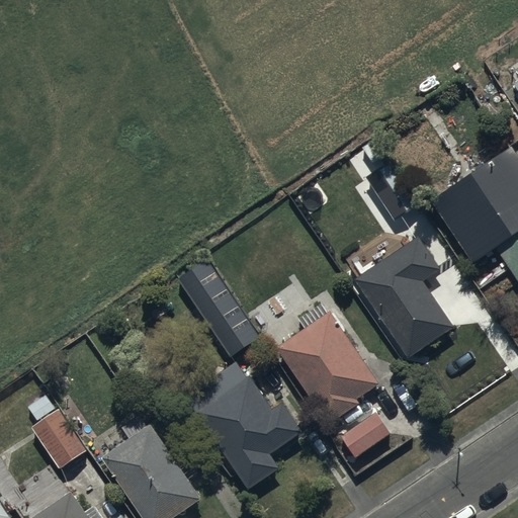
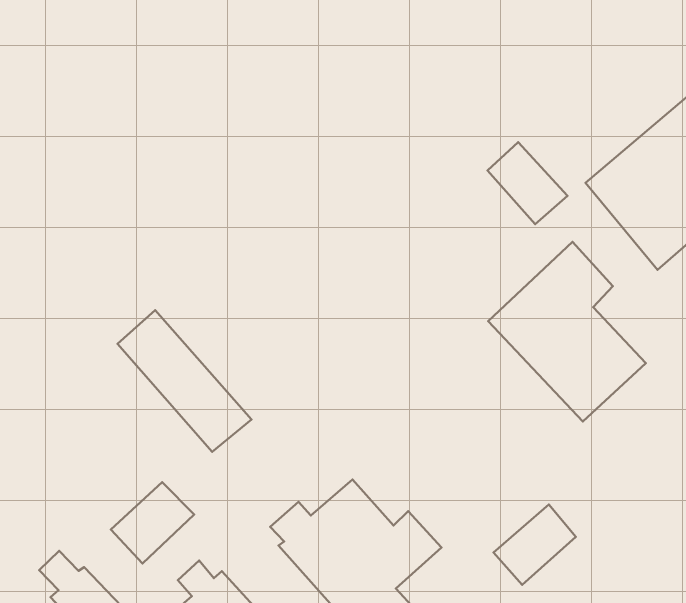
building: [176,257,259,357] -> [118,310,251,452]
building: [275,305,381,425] -> none
building: none -> [111,482,194,563]

